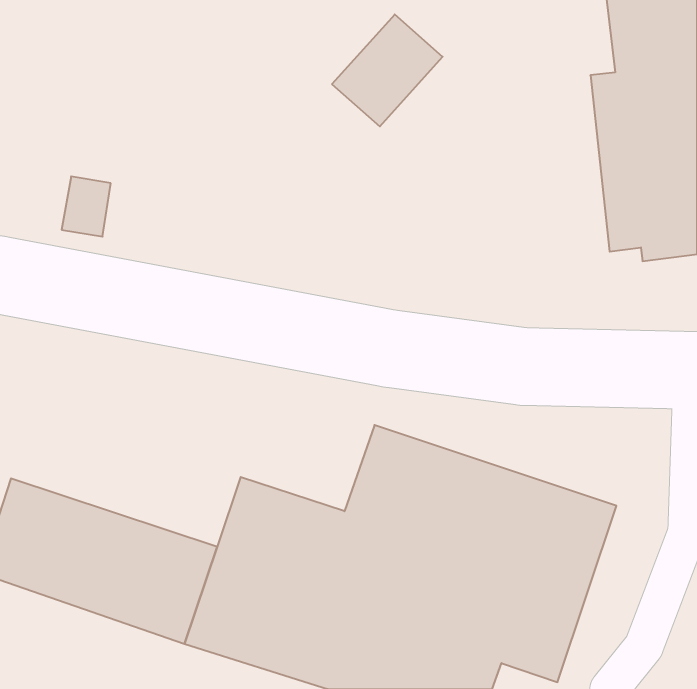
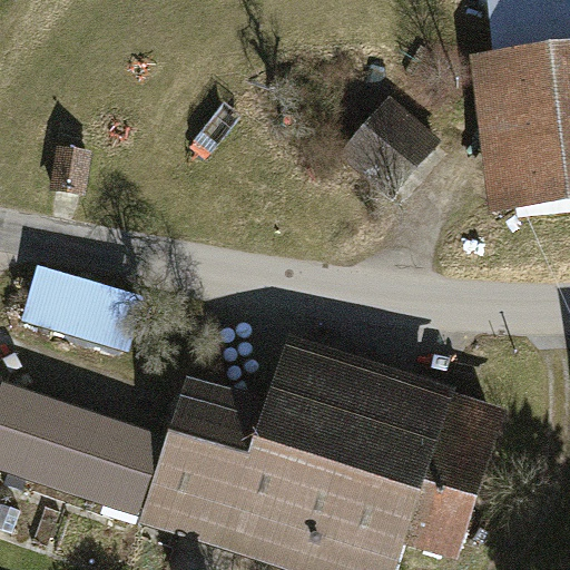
building: [332,14,443,126] -> [341,99,431,190]
building: none -> [26,271,132,343]

